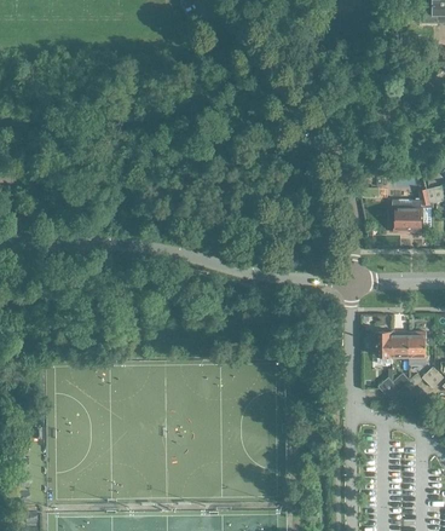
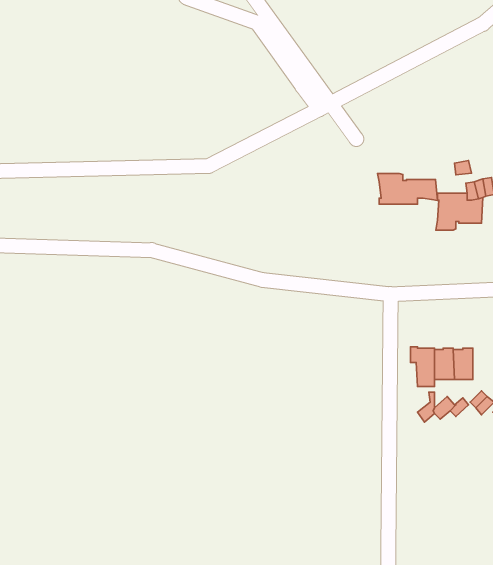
building: none -> [377,173,437,204]

